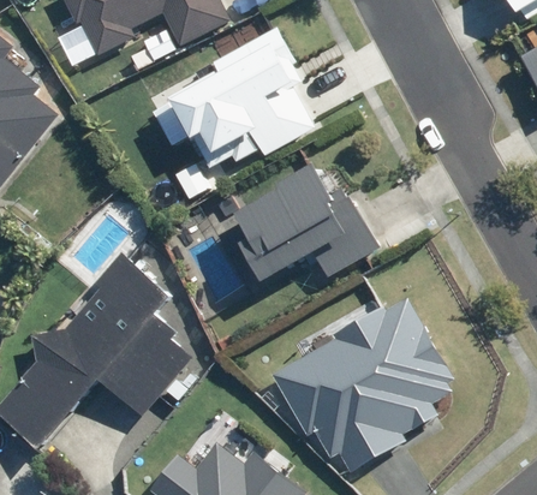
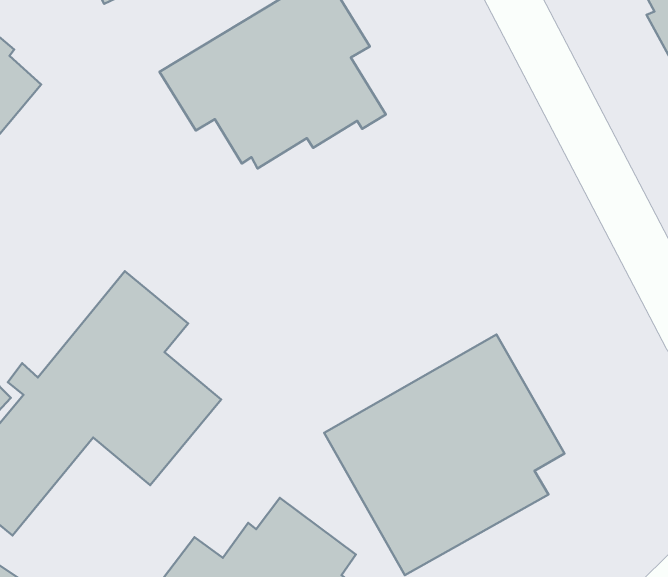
building: [233,159,380,285] -> none

